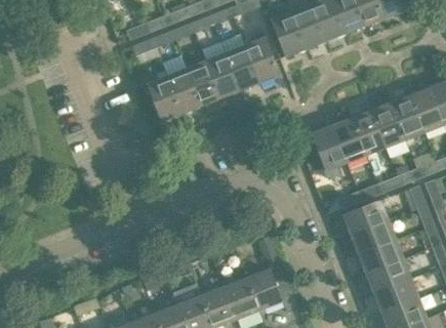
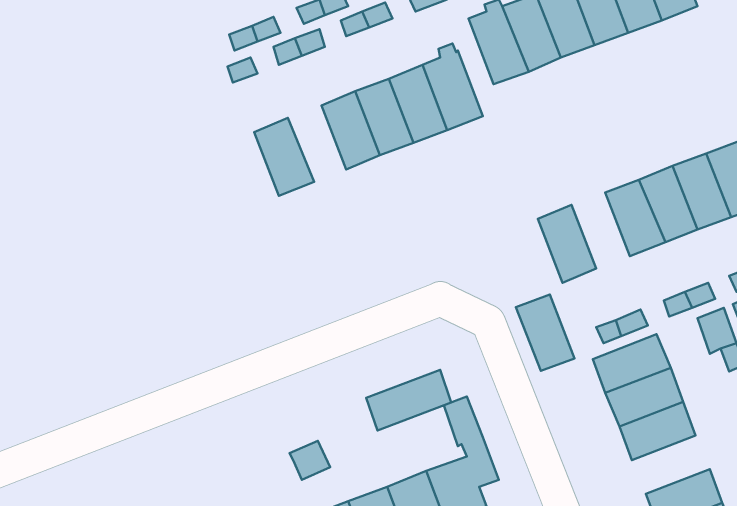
building: [167,68,201,112] -> none
building: [331,118,365,162] -> [516,295,575,371]
building: none -> [366,370,451,430]
building: [366,258,411,292] -> none

